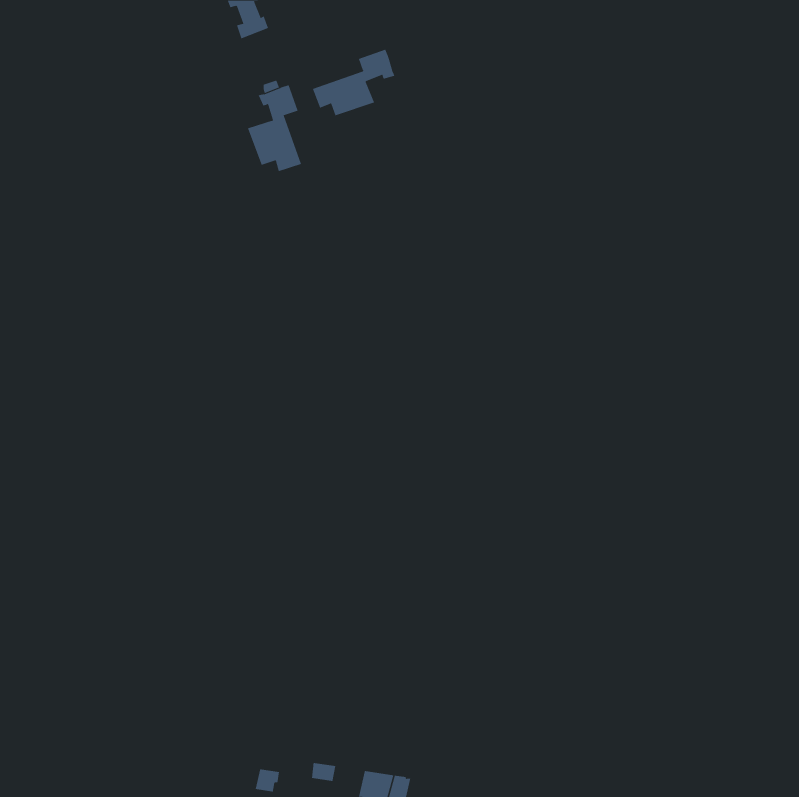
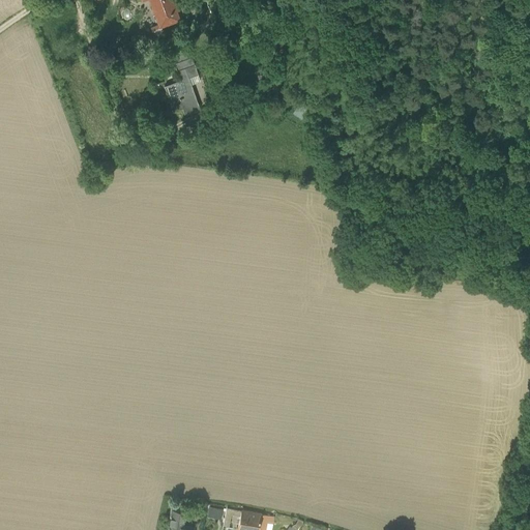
building: [312,49,395,116] -> none

